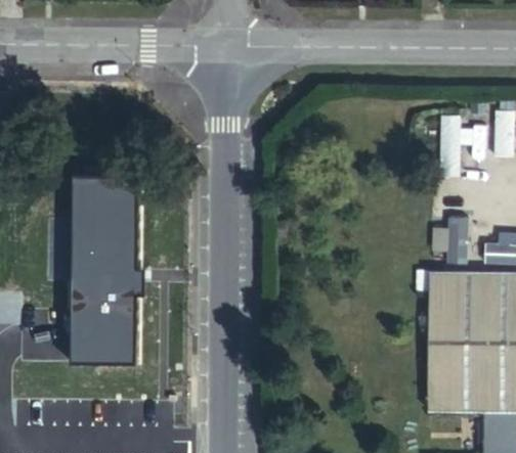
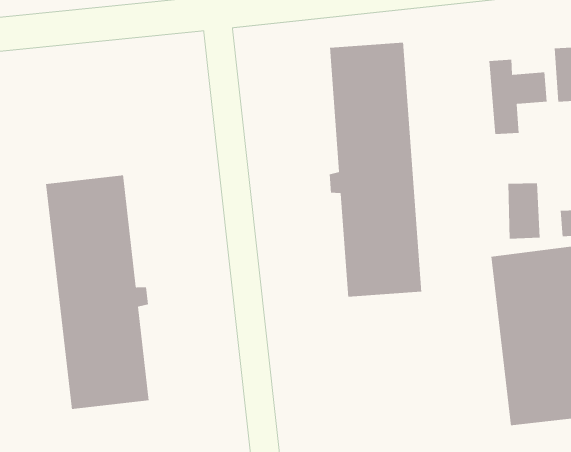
building: none -> [329,42,422,297]

